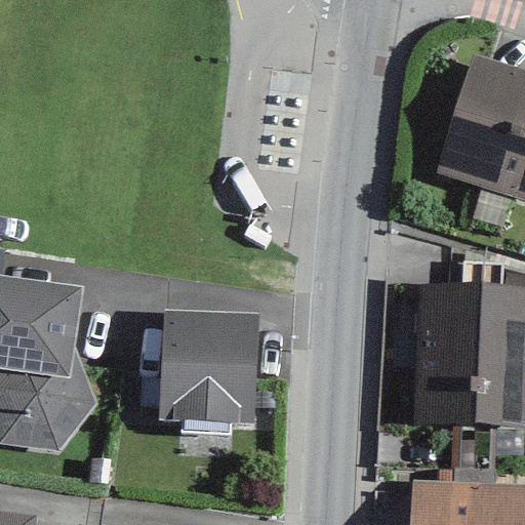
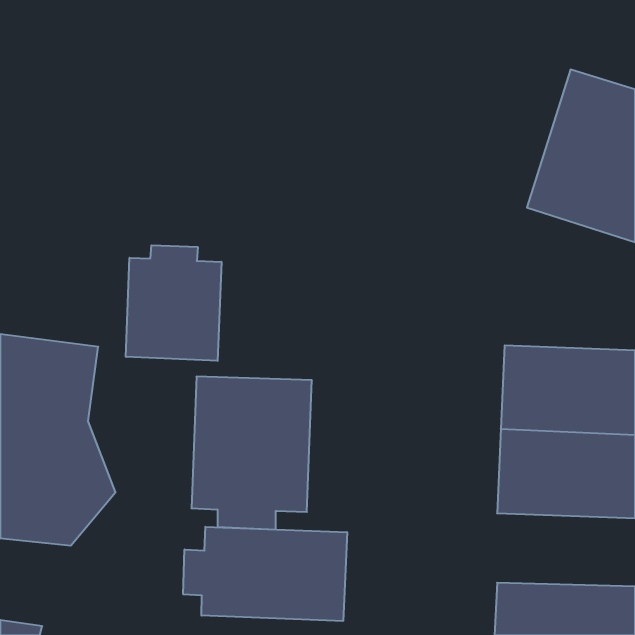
building: none -> [126,245,221,361]
building: none -> [183,527,347,621]

